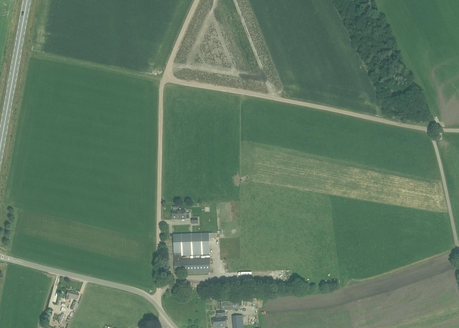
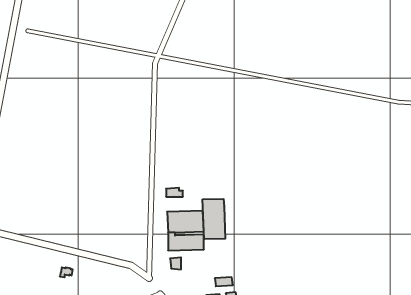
building: none -> [203,199,225,239]

